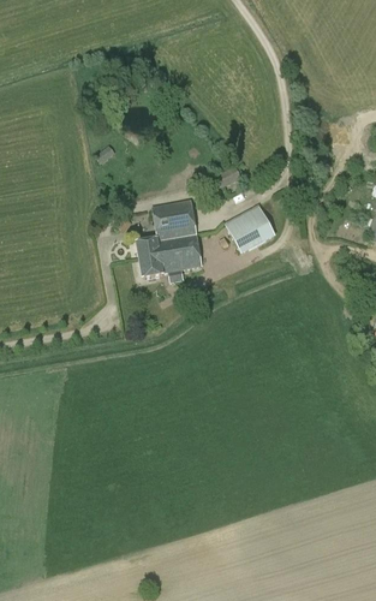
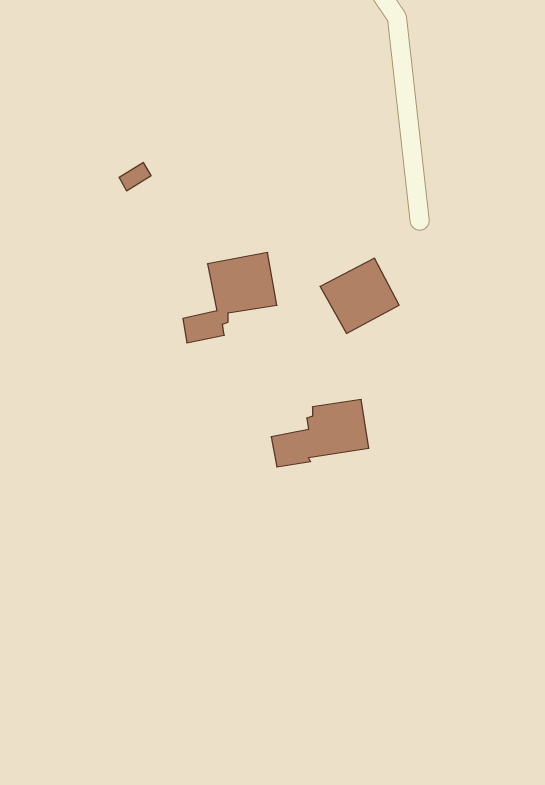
building: [138,234,201,278] -> [271,399,369,467]

